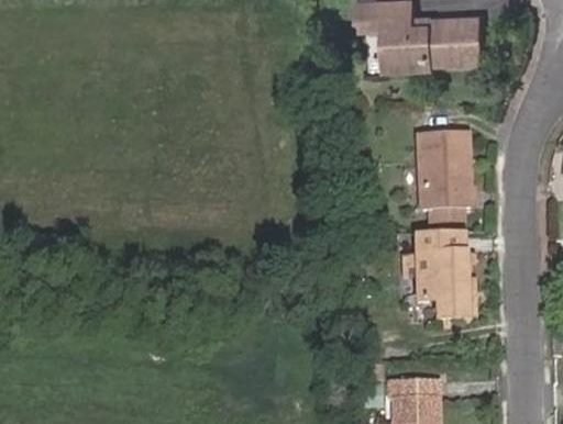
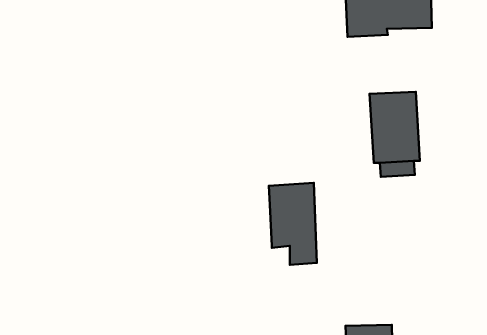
building: [416,233,468,323] -> [269,183,317,265]

